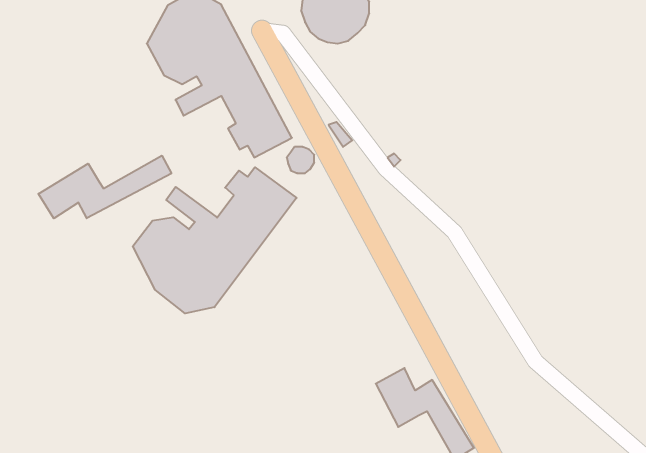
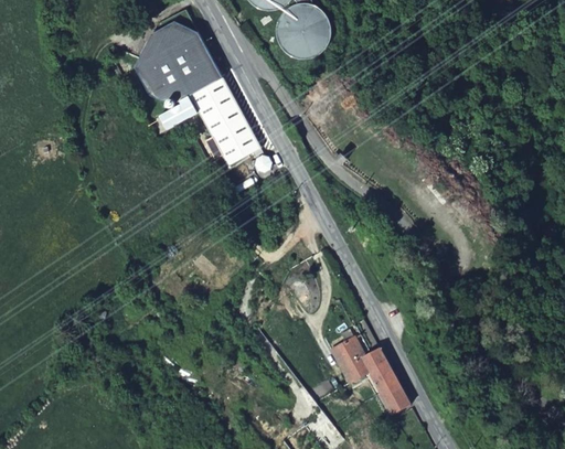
building: [38,156,171,218] -> none
building: [133,167,297,313] -> none

